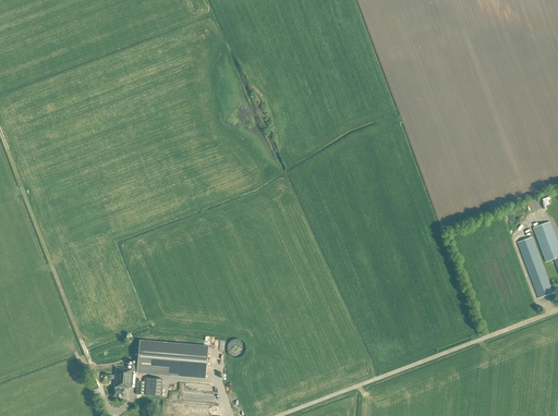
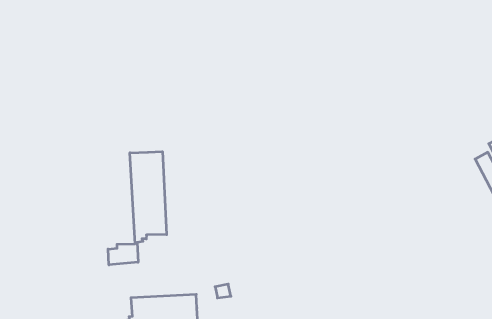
building: none -> [108,152,167,265]

